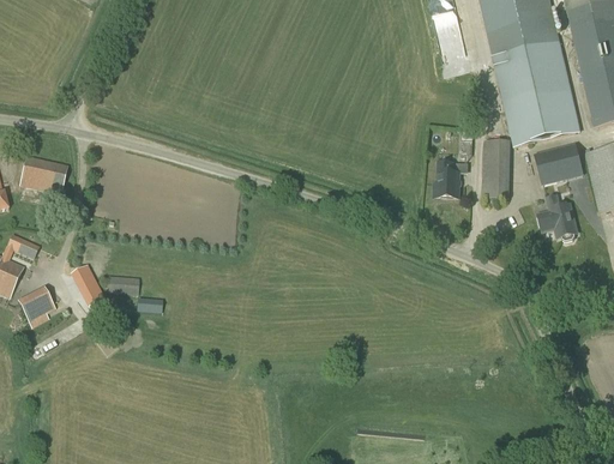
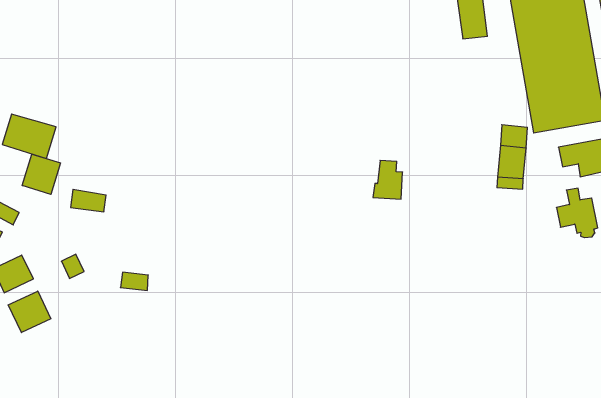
building: [433,162,459,197] -> [373,160,403,199]
building: none -> [22,154,60,194]
building: [107,273,139,293] -> [71,189,106,212]
building: none -> [8,291,51,333]

